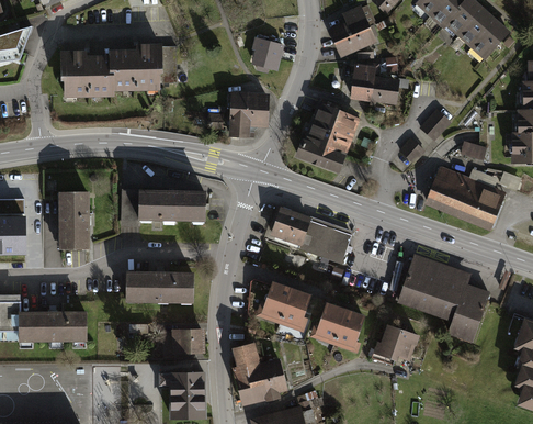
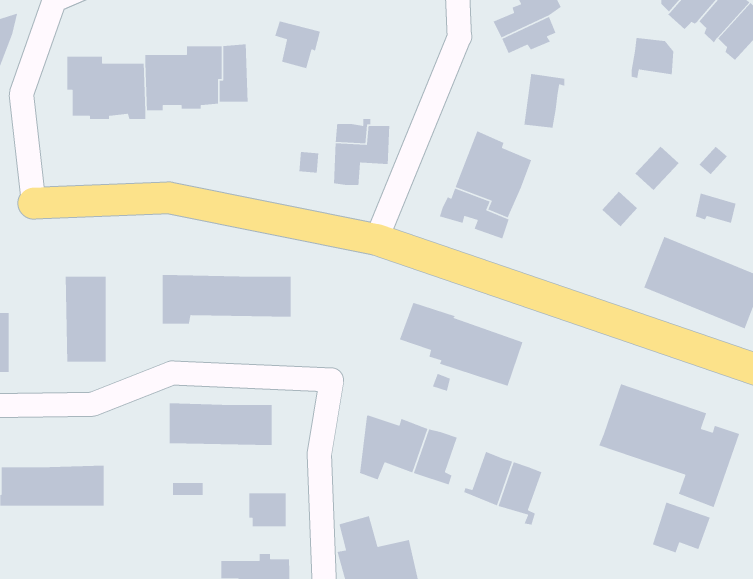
building: [252,37,282,68] -> [274,21,321,69]
building: [370,78,397,104] -> [631,37,674,79]
building: [379,325,417,358] -> [652,502,711,554]

